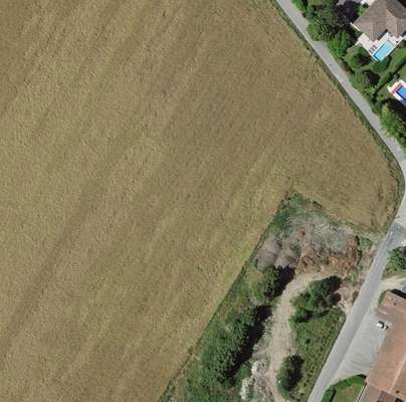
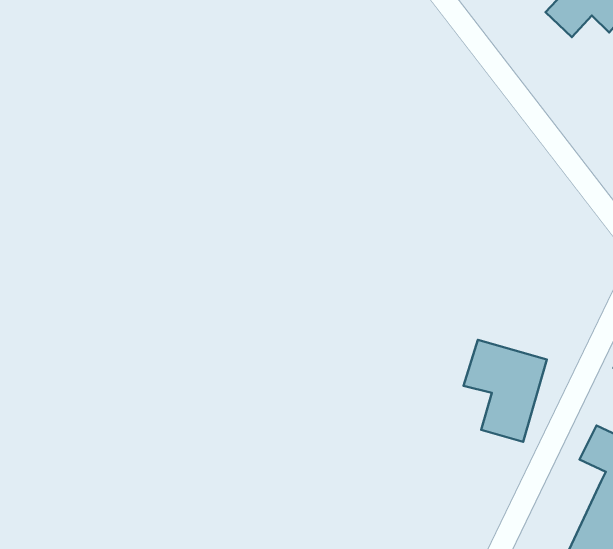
building: none -> [464,340,547,442]

